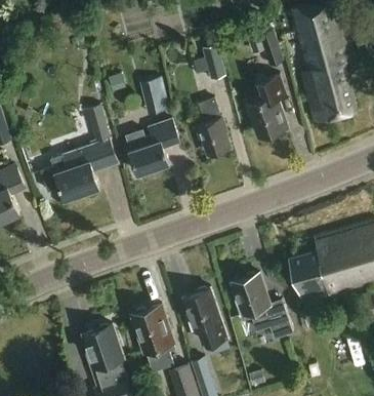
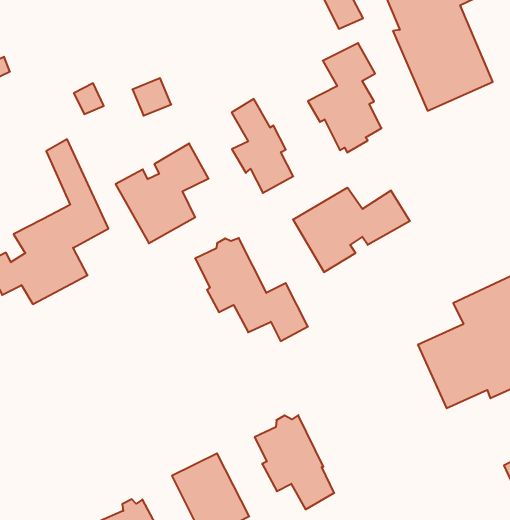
building: [202,44,225,80] -> none
building: none -> [293,188,410,272]
building: [232,274,292,340] -> [195,238,308,341]

